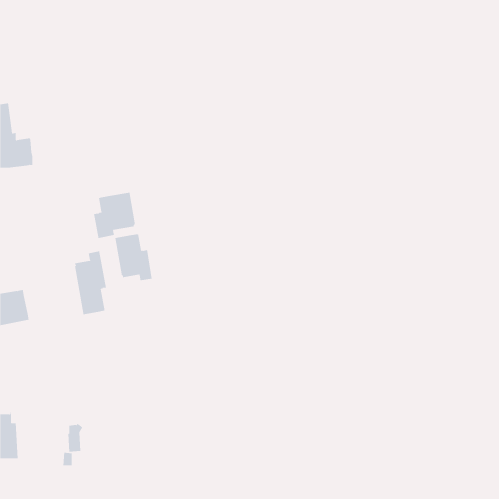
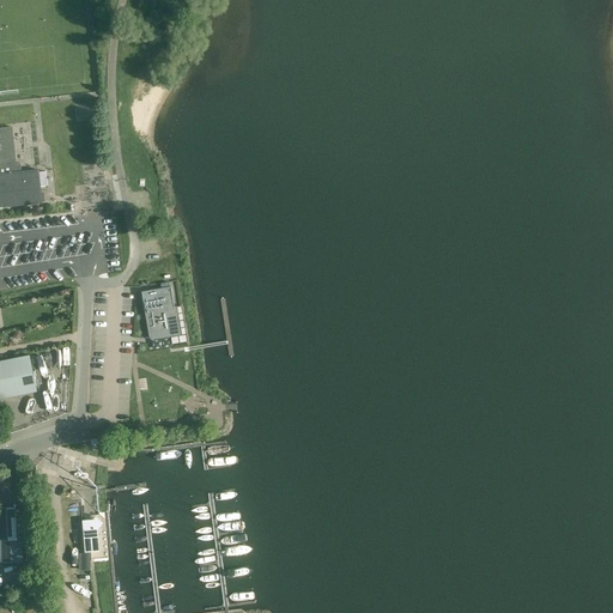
building: [93,192,135,239] -> none
building: [75,250,106,315] -> none

